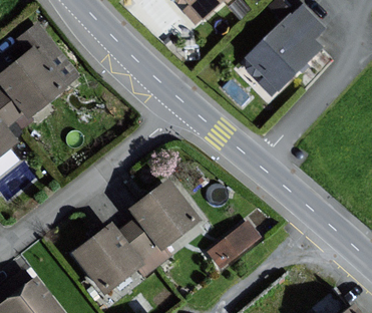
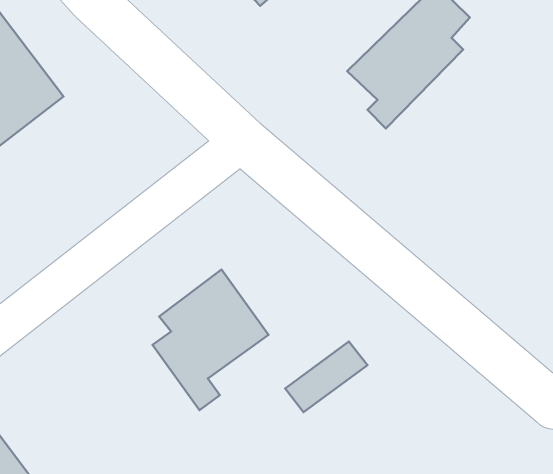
building: [76,225,157,291] -> none

